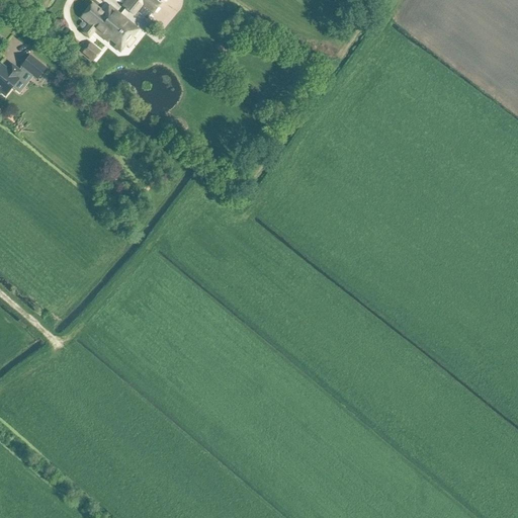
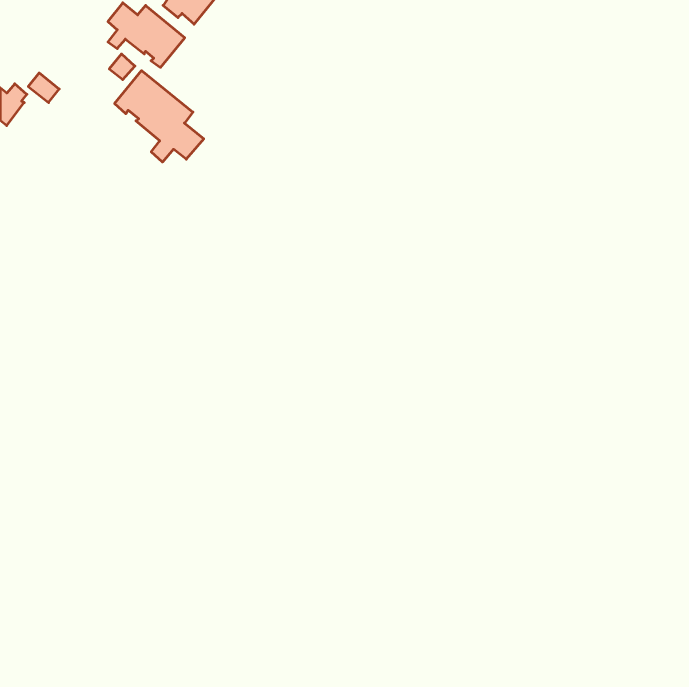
building: none -> [115,71,204,162]

